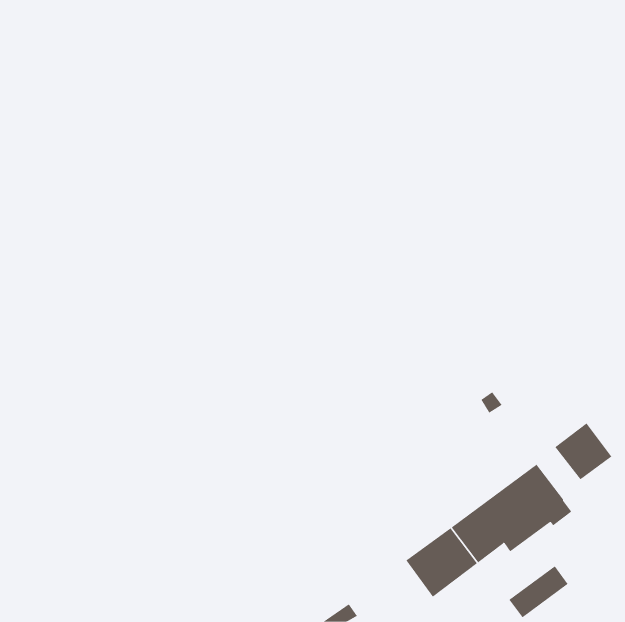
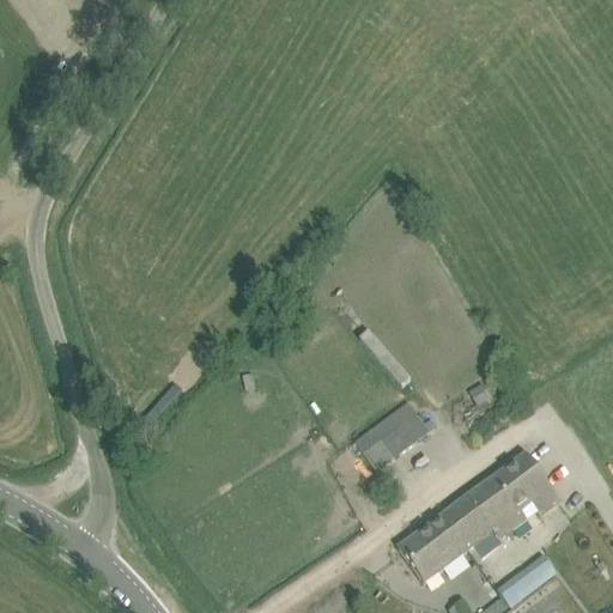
building: none -> [353,402,429,471]
building: [555,422,612,480] -> none

